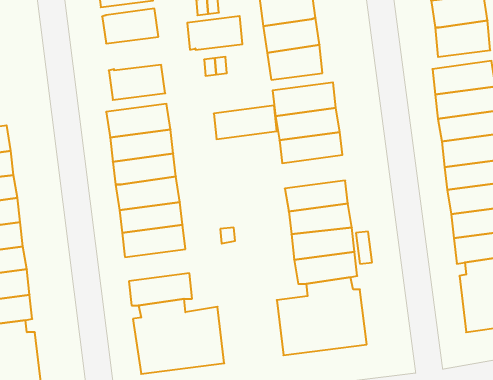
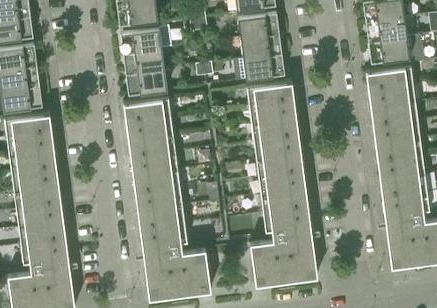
building: [187,16,242,50] -> [123,50,164,75]
building: [214,106,277,139] -> [254,138,301,163]
building: none -> [137,208,185,232]

